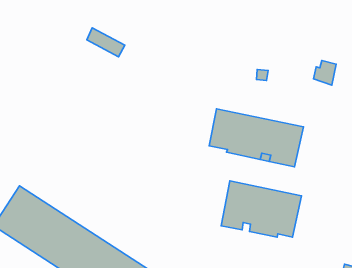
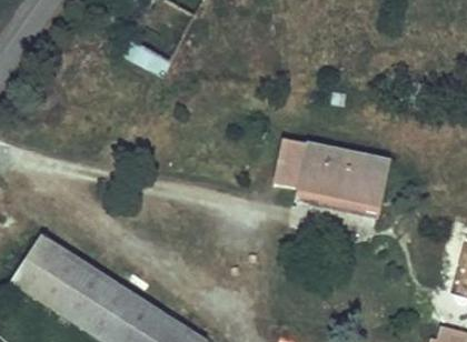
building: [221,181,302,237] -> none

